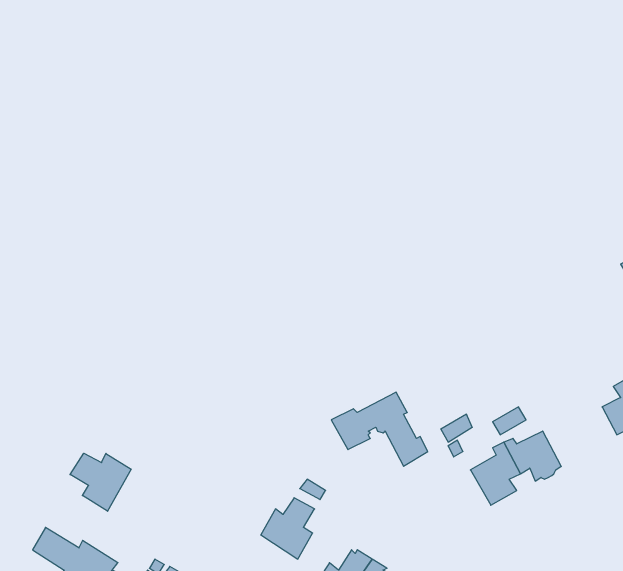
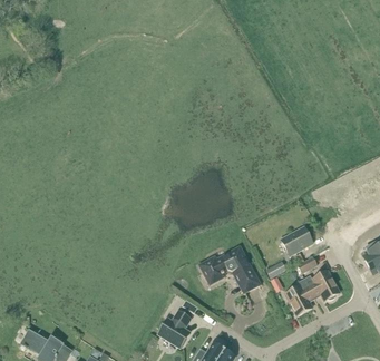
building: none -> [281,226,312,255]
building: [70,453,131,511] -> none

